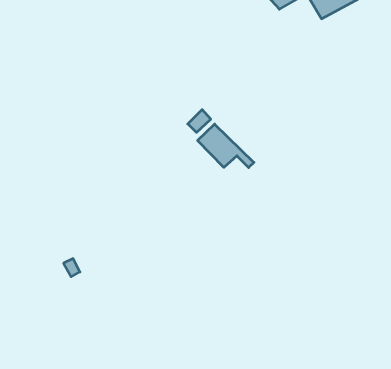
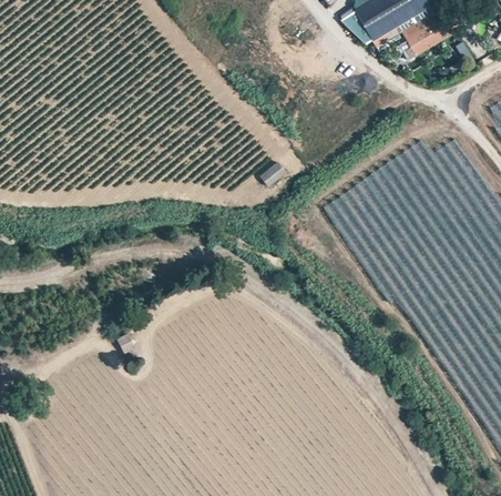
building: [198,124,254,168] -> none

